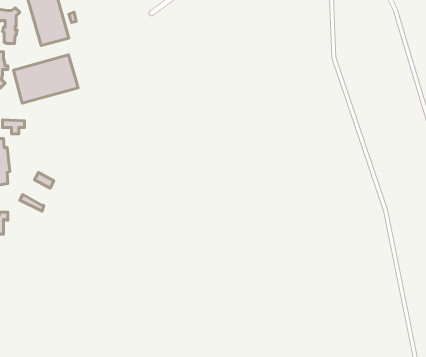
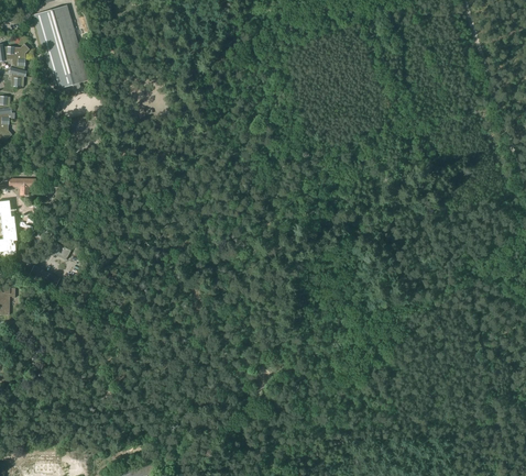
building: [13,55,78,103] -> none

